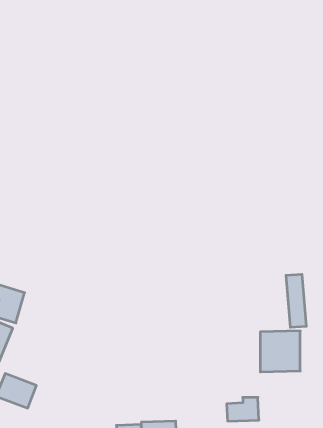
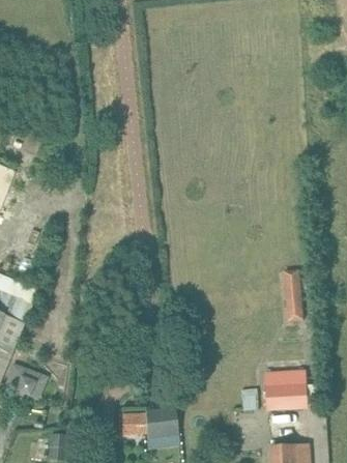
building: [260,331,300,372] -> [266,371,305,410]

